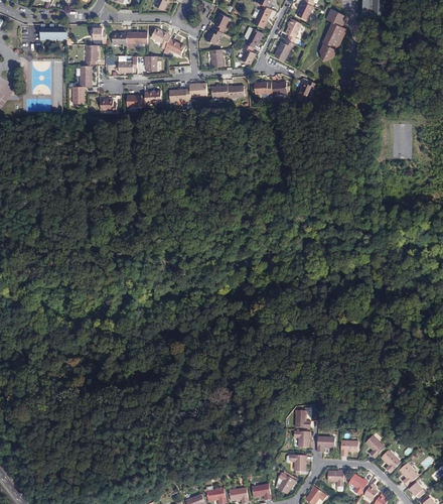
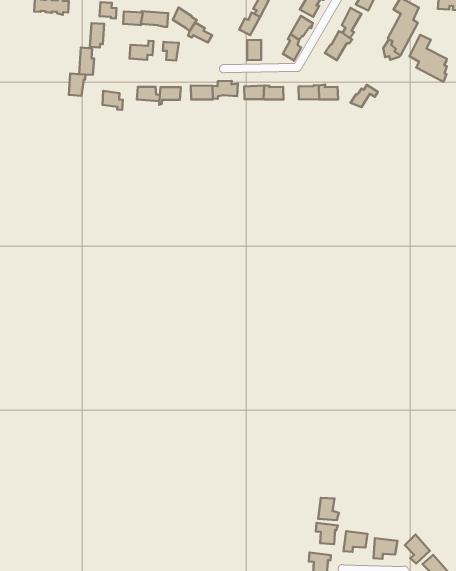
building: none -> [409,35,447,82]

